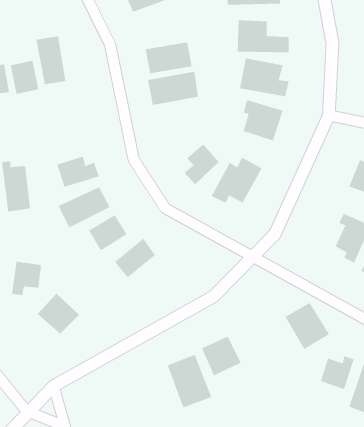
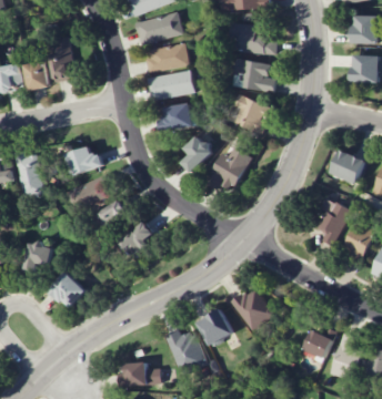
building: none -> [135,11,183,45]
building: none -> [159,102,194,132]
building: [284,302,330,350] -> [232,287,273,330]
building: none -> [125,362,161,386]

